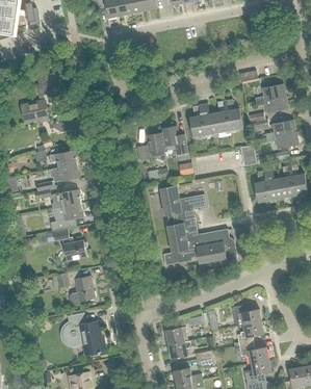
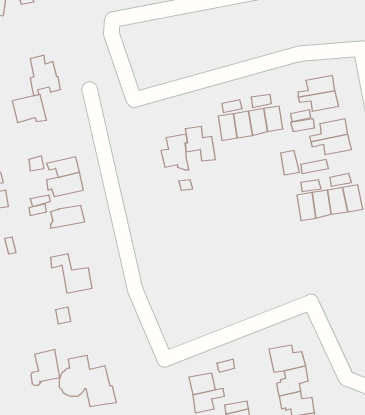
building: [160,185,238,265] -> none
building: [50,203,82,230] -> none
building: [71,275,95,304] -> [31,350,60,385]

